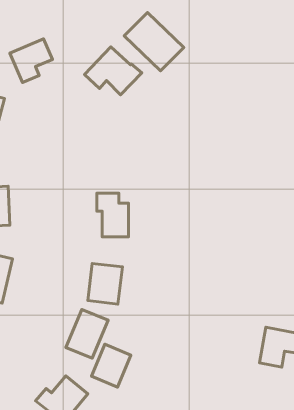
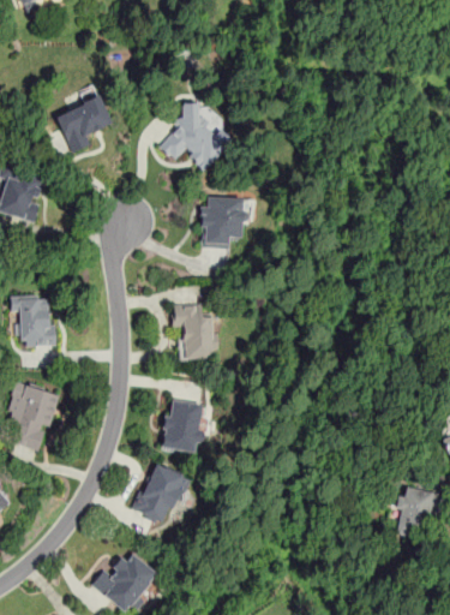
building: [124,12,184,71] -> none
building: none -> [200,196,247,249]
building: [92,344,131,387] -> none

